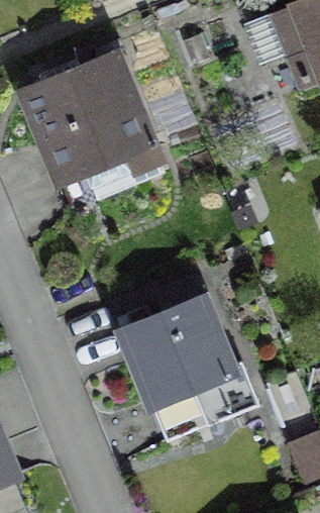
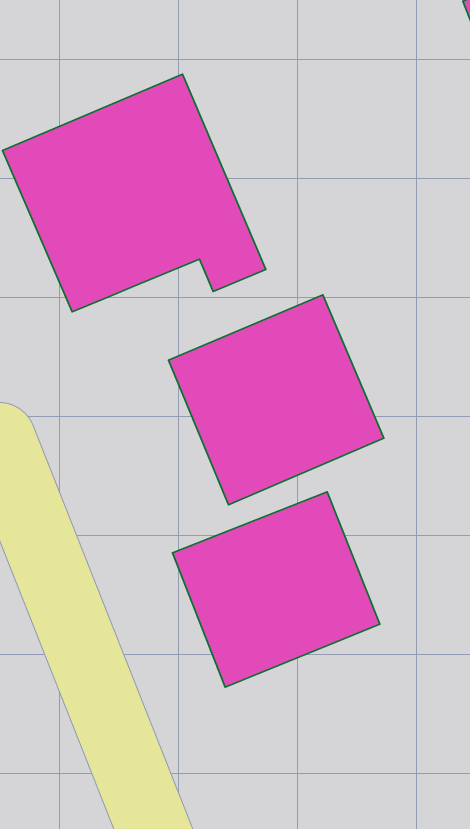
building: none -> [169,295,384,505]

